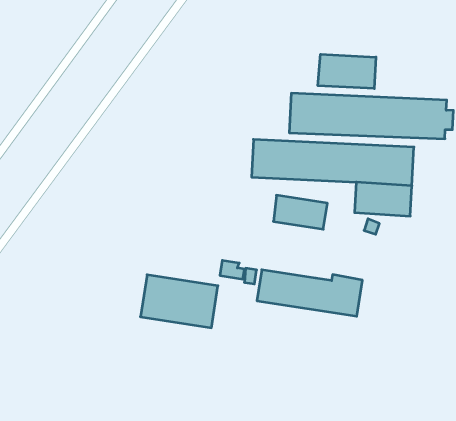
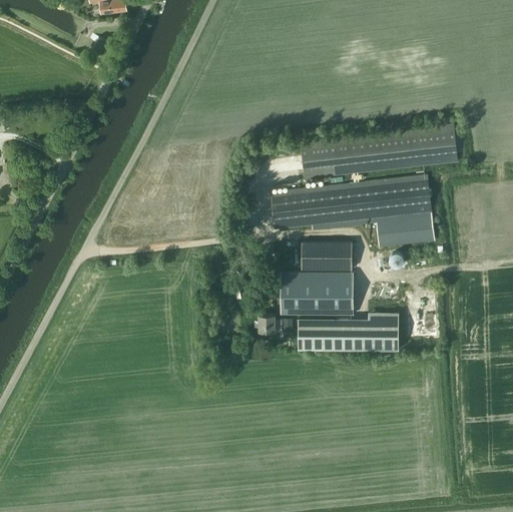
building: [318,54,376,89] -> none
building: [140,275,218,328] -> [281,274,352,316]

